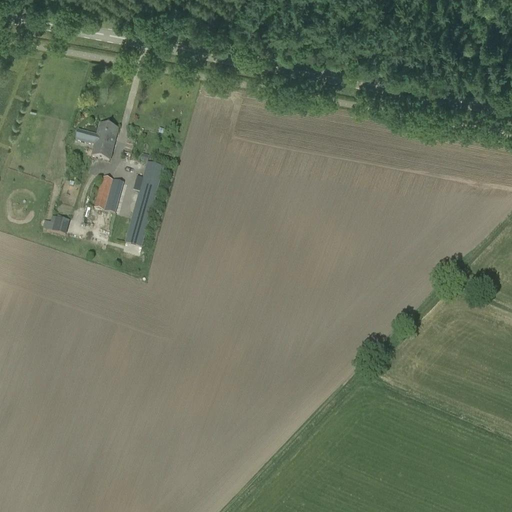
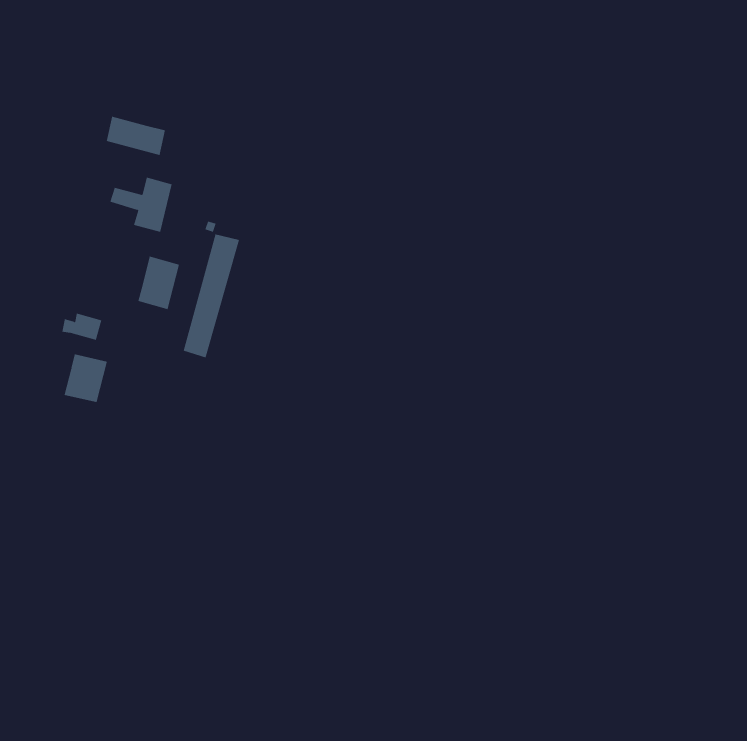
building: none -> [106,116,166,156]
building: none -> [64,354,107,403]

